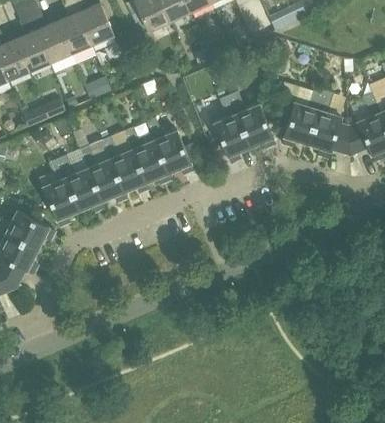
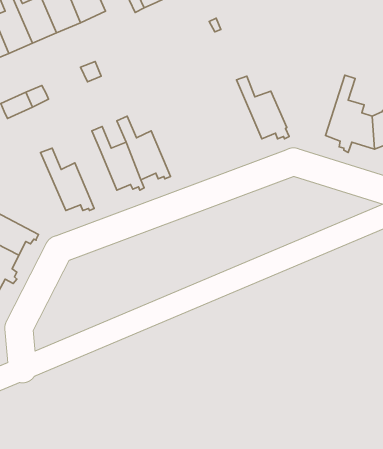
building: [282,87,324,146] -> none
building: [214,95,251,164] -> none
building: [146,118,193,173] -> none
building: [79,145,127,201] -> none
building: [43,159,79,227] -> none

